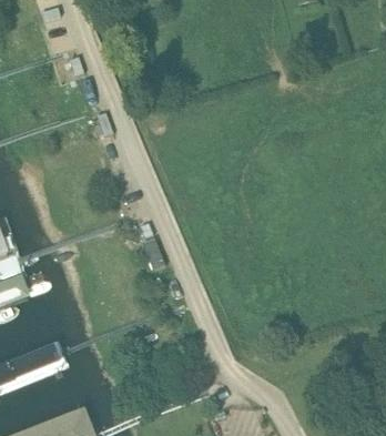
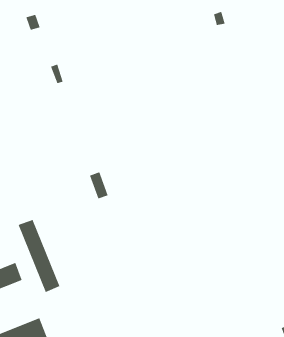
building: none -> [18,219,60,293]

